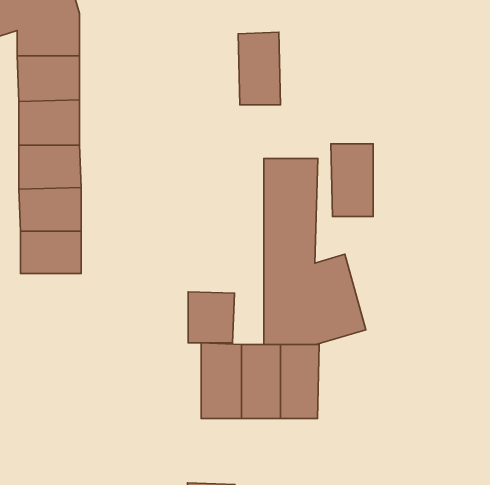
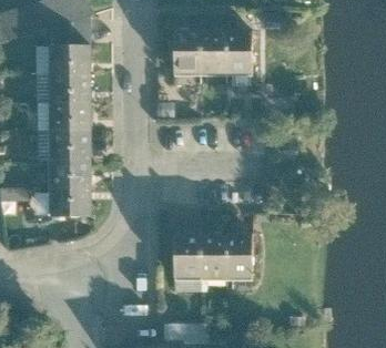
building: none -> [167,29,195,76]
building: [331,144,373,216] -> [221,28,248,75]
building: [264,158,366,344] -> none
building: none -> [51,186,92,216]
building: [188,292,234,343] -> none

